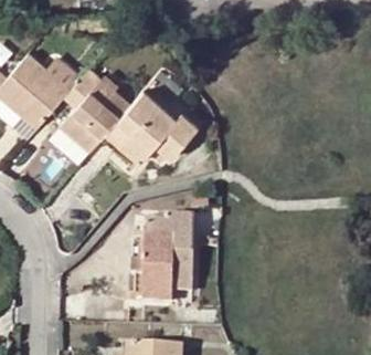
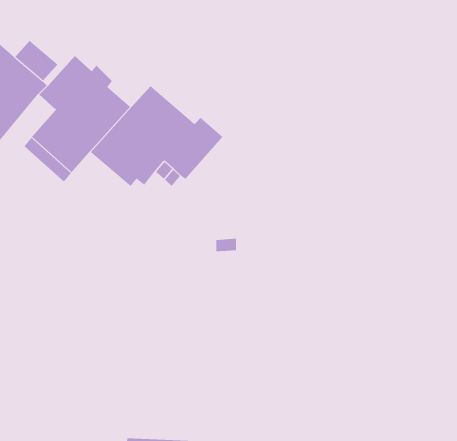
building: [134,218,194,304] -> none

